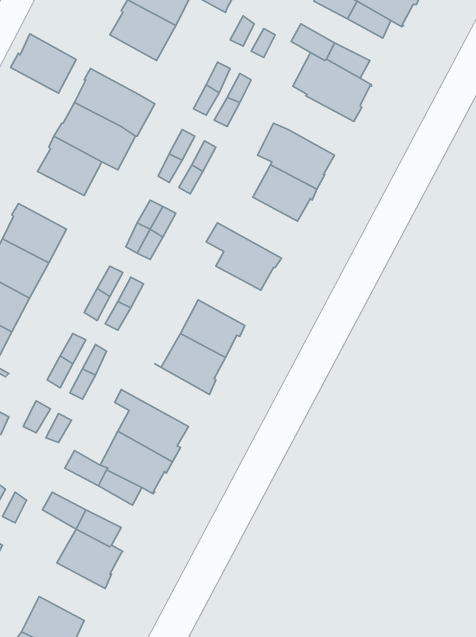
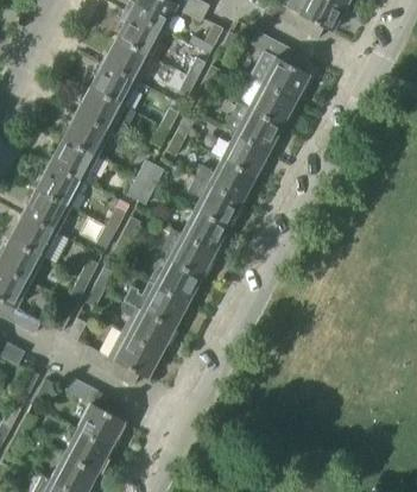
building: [10,34,76,93] -> [101,38,150,82]
building: none -> [247,83,296,127]
building: none -> [48,139,96,182]
building: none -> [195,158,254,203]
building: none -> [181,209,227,253]
building: none -> [124,282,189,328]
building: none -> [63,429,112,472]

